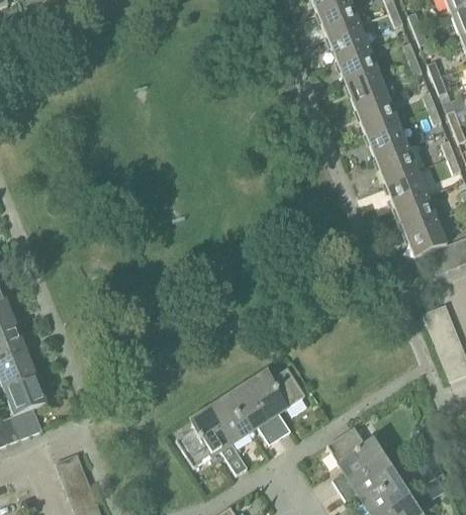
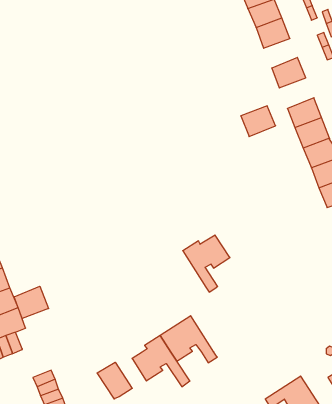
building: [337,47,378,84] -> none
building: [356,96,398,133] -> [241,106,276,137]
building: none -> [14,286,49,319]
building: [248,368,305,437] -> [183,235,230,292]
building: [327,426,382,489] -> none
building: none -> [97,362,132,399]

